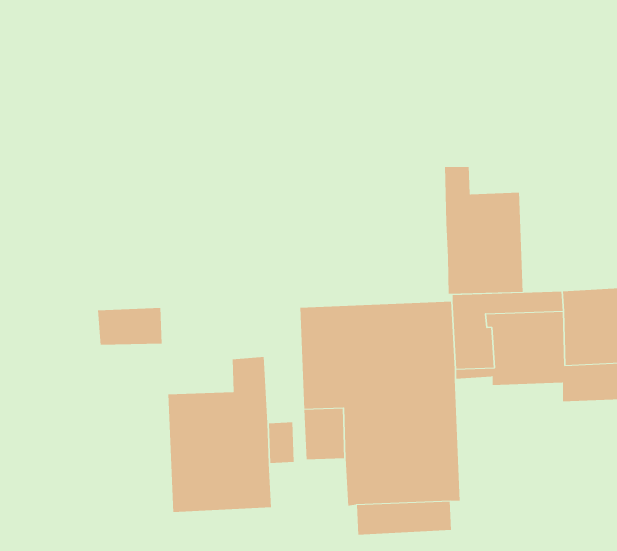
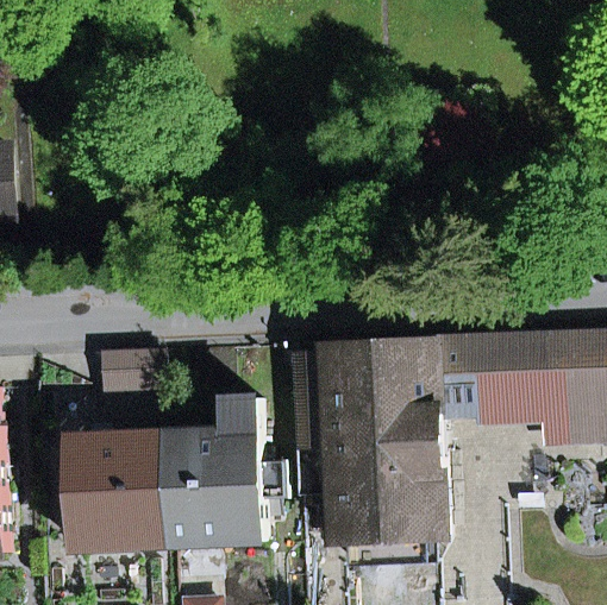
building: [444,166,523,295] -> none
building: none -> [73,430,170,546]

